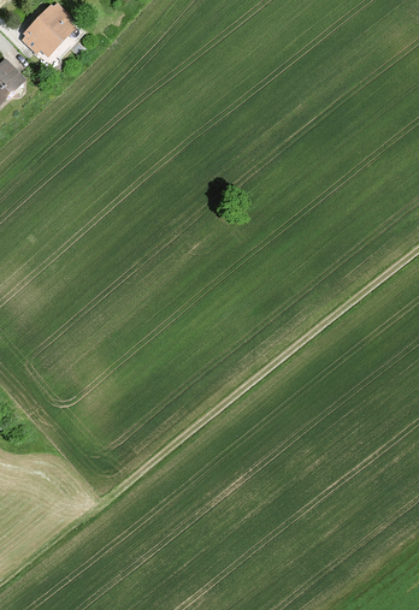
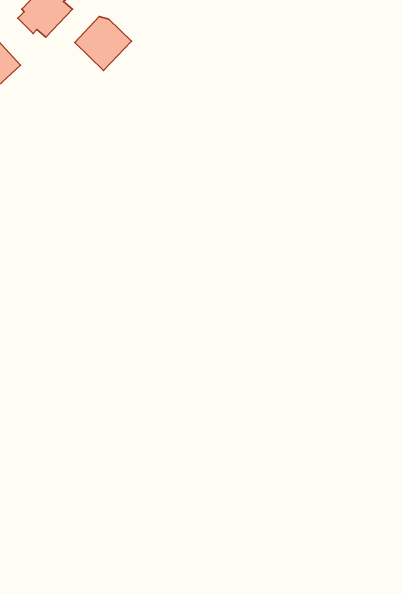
building: none -> [75,17,131,70]

